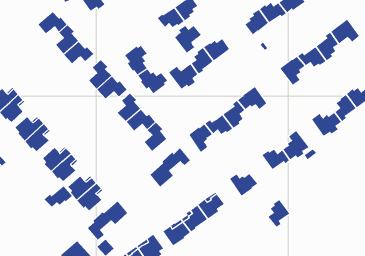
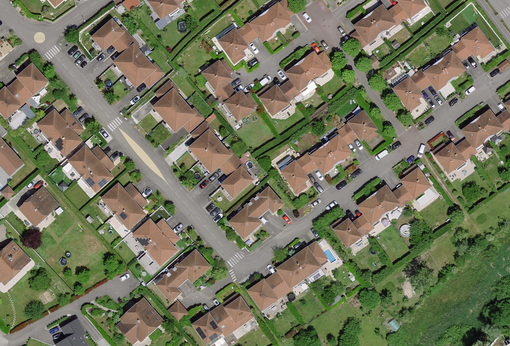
building: [174,25,202,54] -> [218,27,252,62]
building: [44,185,73,208] -> none
building: [267,199,290,227] -> [356,196,384,231]

